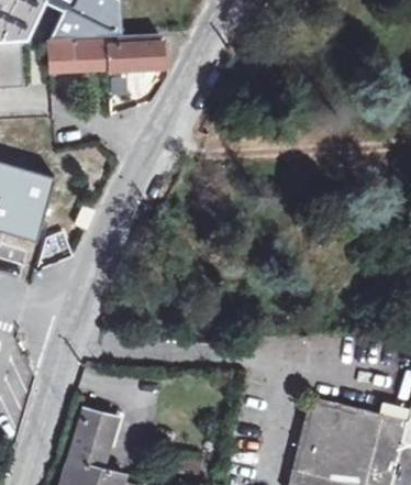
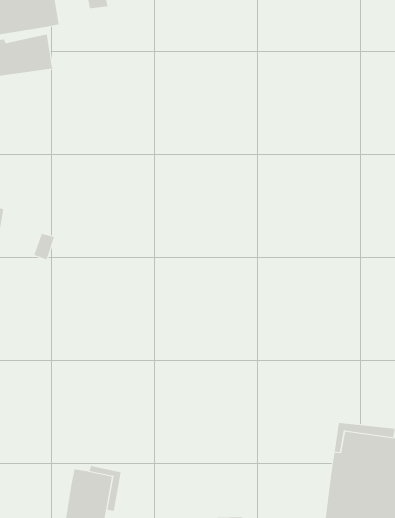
building: [108,33,167,68] -> none

